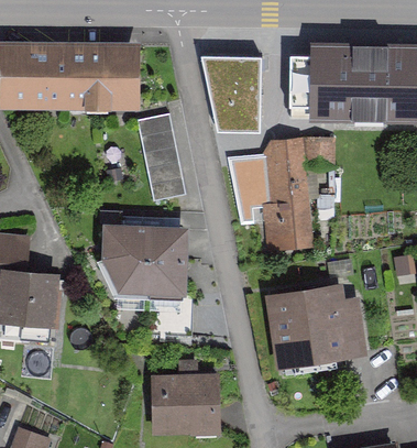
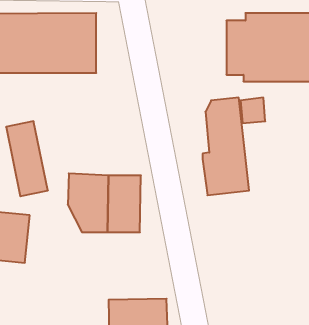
building: [200,53,261,128] -> none
building: [136,113,185,200] -> [6,121,48,196]
building: [227,155,267,226] -> none
building: [264,280,369,369] -> none

